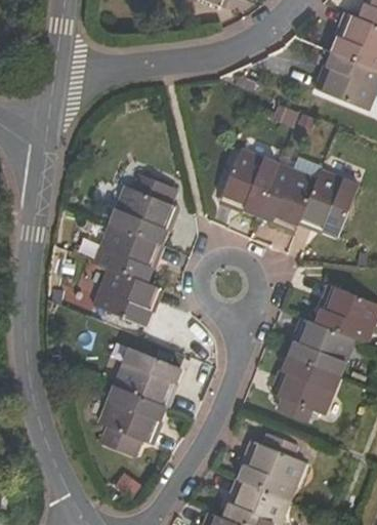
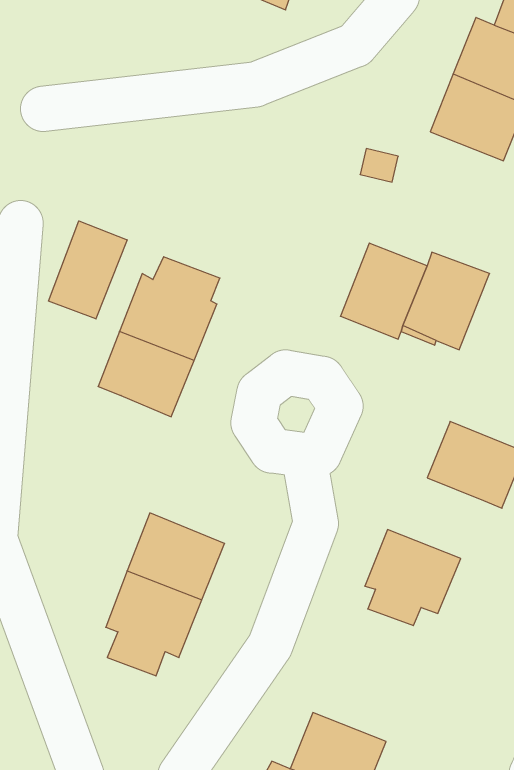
building: [220,145,278,213] -> none
building: none -> [48,221,127,319]
building: [95,267,159,325] -> none
building: [290,318,354,376] -> none
building: [240,441,304,499] -> none

